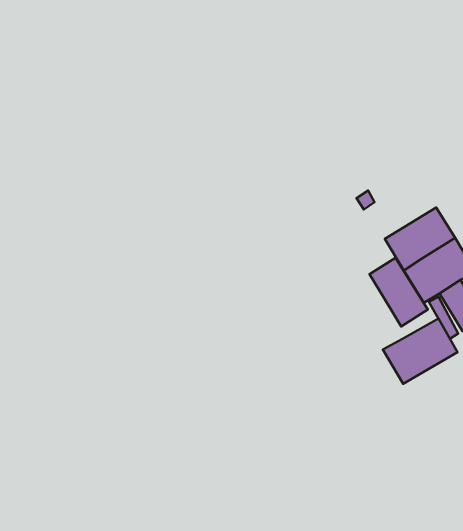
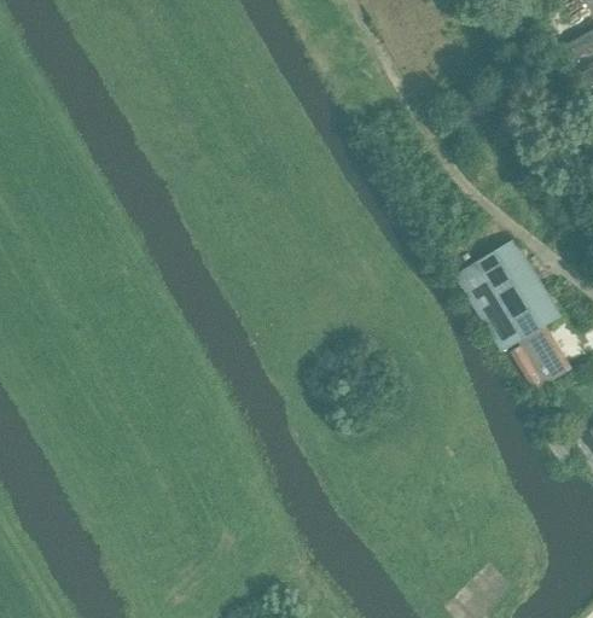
building: [369,258,428,327] -> none
building: [383,318,458,384] -> none

